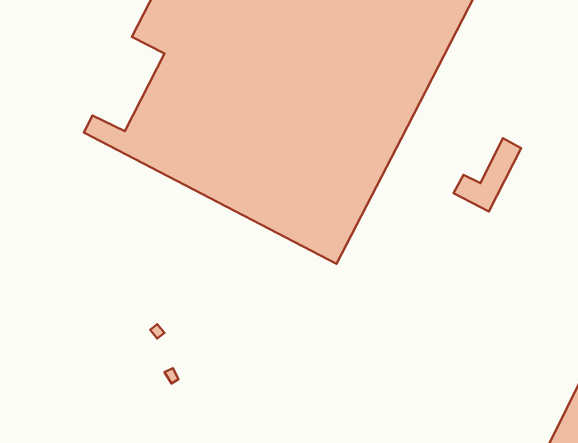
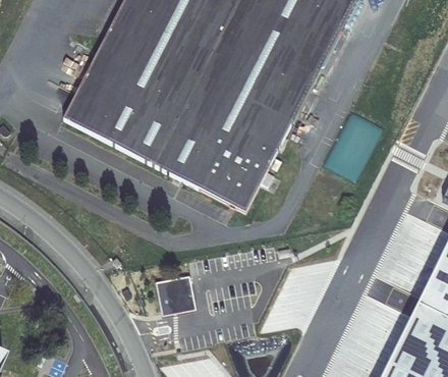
building: none -> [70,46,122,114]
building: none -> [159,275,194,308]

